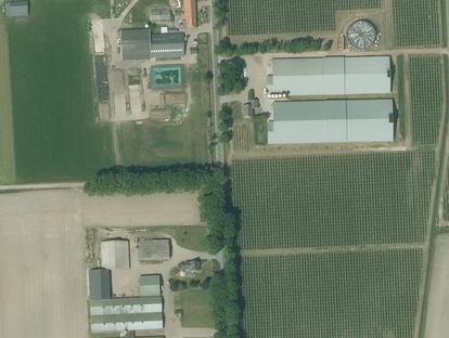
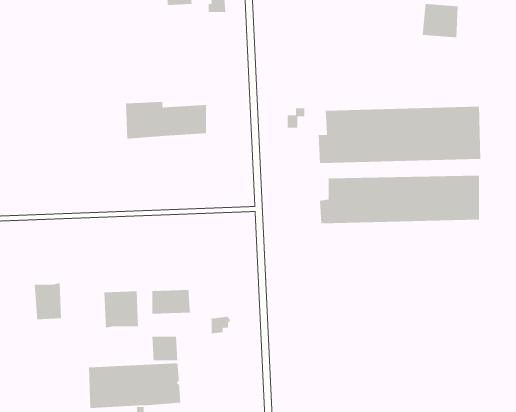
building: [120,29,183,58] -> [125,101,207,139]
building: [266,56,389,94] -> [319,175,480,224]
building: [88,269,110,298] -> [34,282,62,320]

